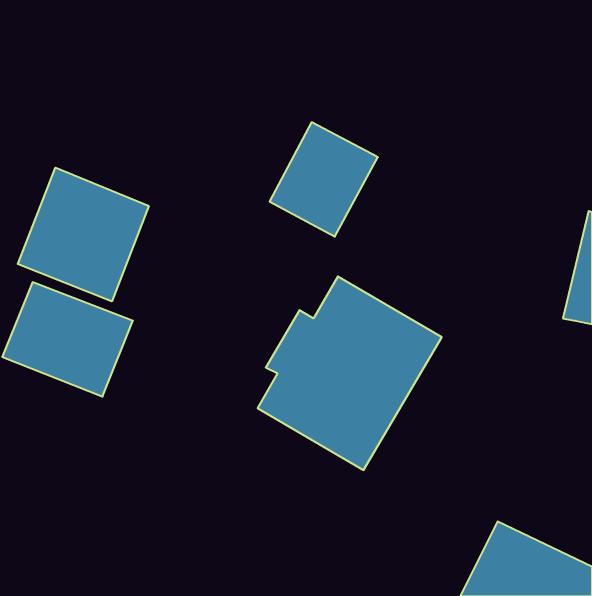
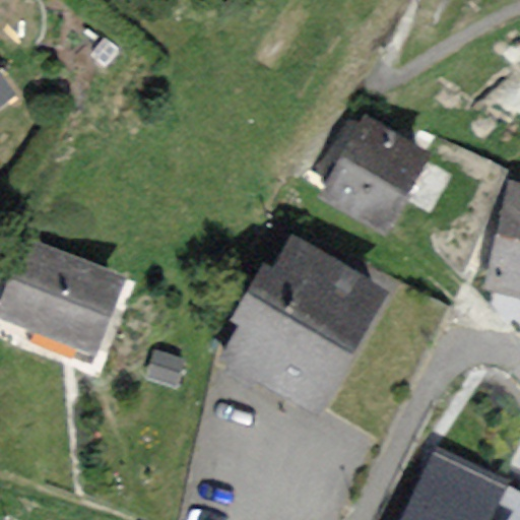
building: [270,122,378,237] -> [326,121,420,220]
building: [18,168,149,301] -> none

